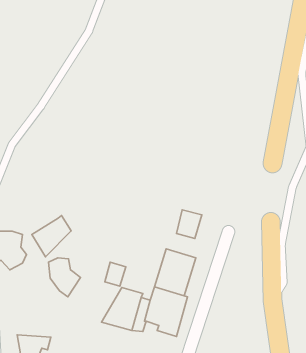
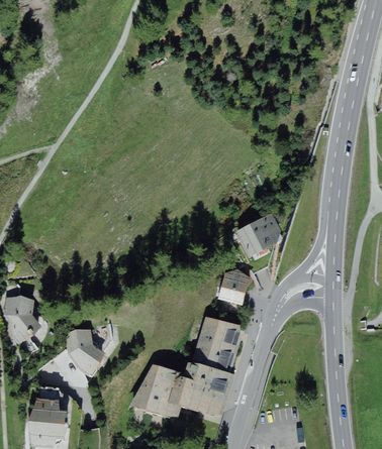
building: none -> [236,214,282,258]
building: [32,216,71,257] -> none
building: [105,262,126,286] -> none
building: none -> [28,385,69,424]

